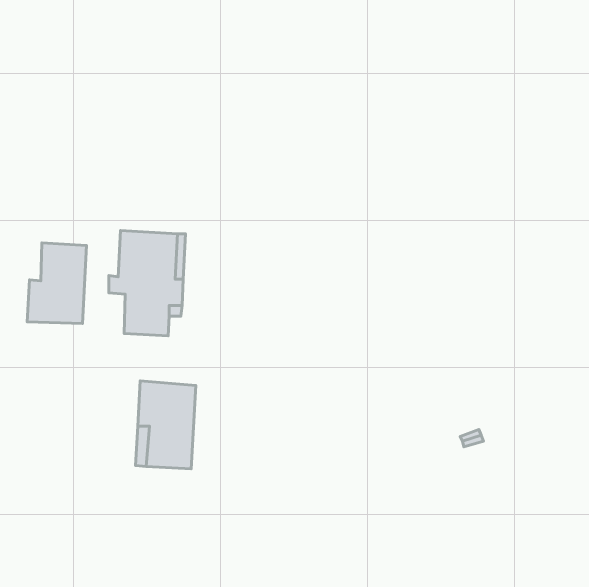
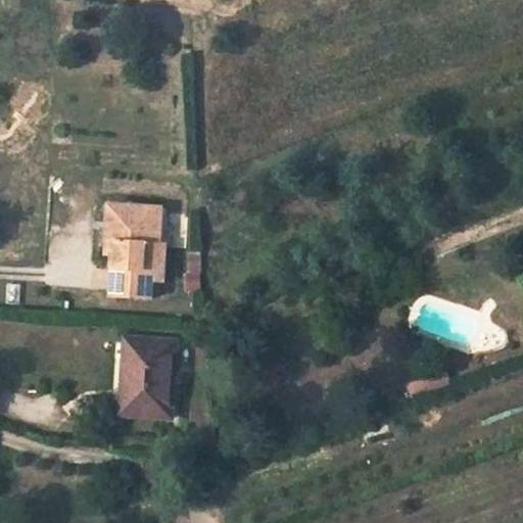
building: [27,243,87,323] -> none

